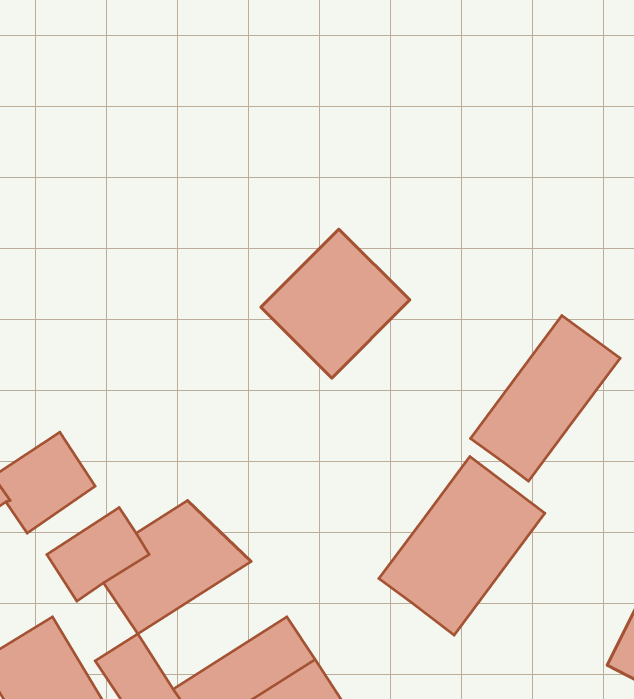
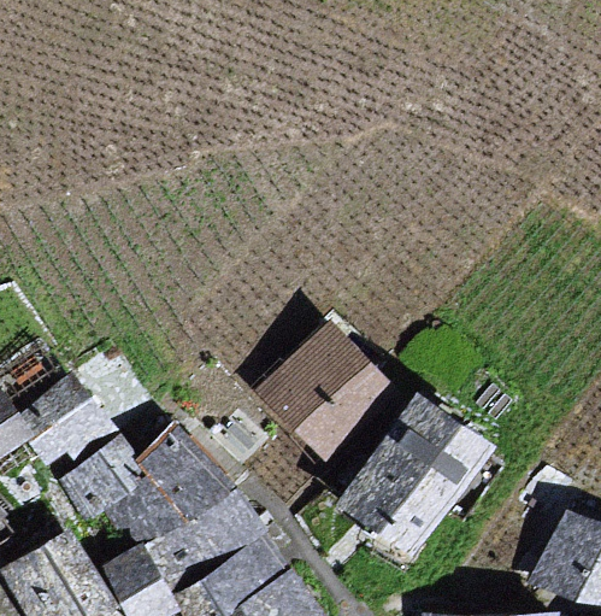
building: [261,229,410,378] -> [259,323,385,450]
building: [470,316,620,481] -> none
building: none -> [139,487,265,596]

